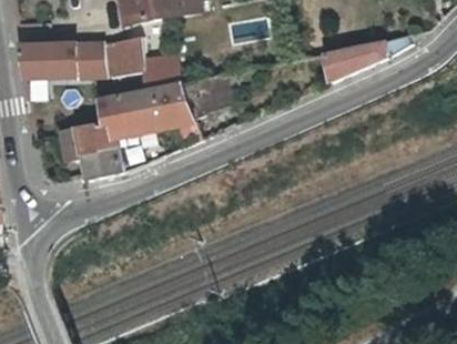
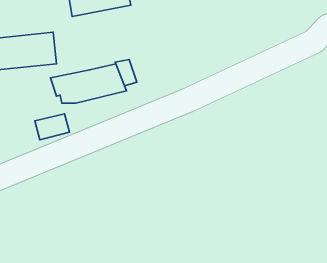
building: [102,34,177,82] -> none
building: [321,40,387,80] -> none
building: [59,122,113,158] -> none

